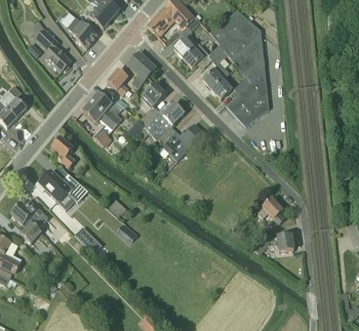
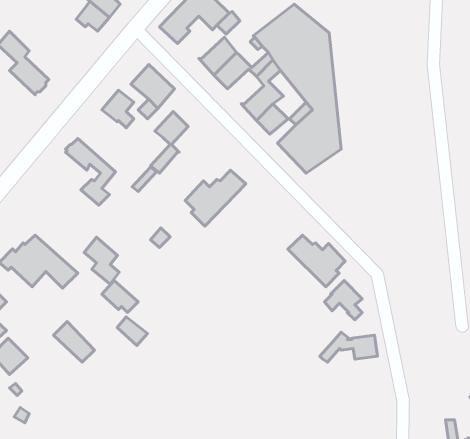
building: [68,16,97,48] -> none
building: [90,88,121,125] -> none
building: [145,102,184,138] -> none
building: [51,136,75,168] -> [84,237,119,284]
building: none -> [288,235,345,287]

